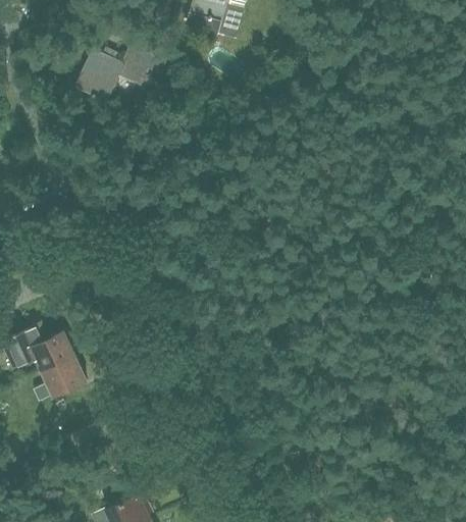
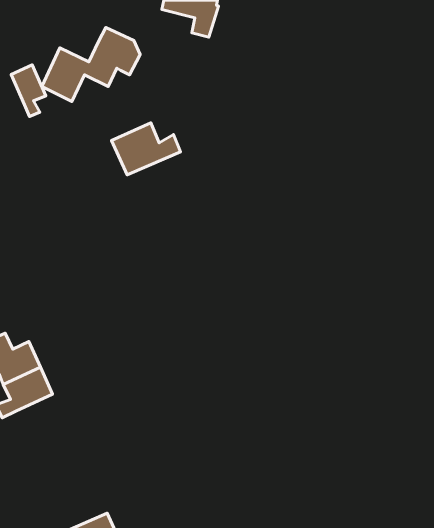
building: none -> [11,65,46,116]
building: none -> [111,123,181,175]

